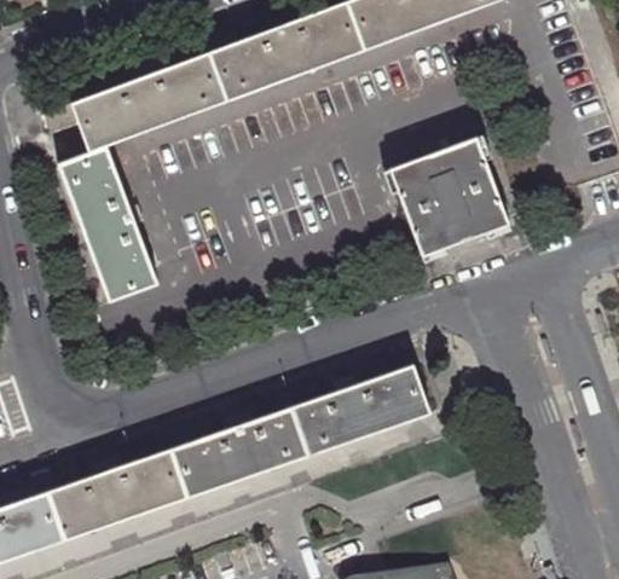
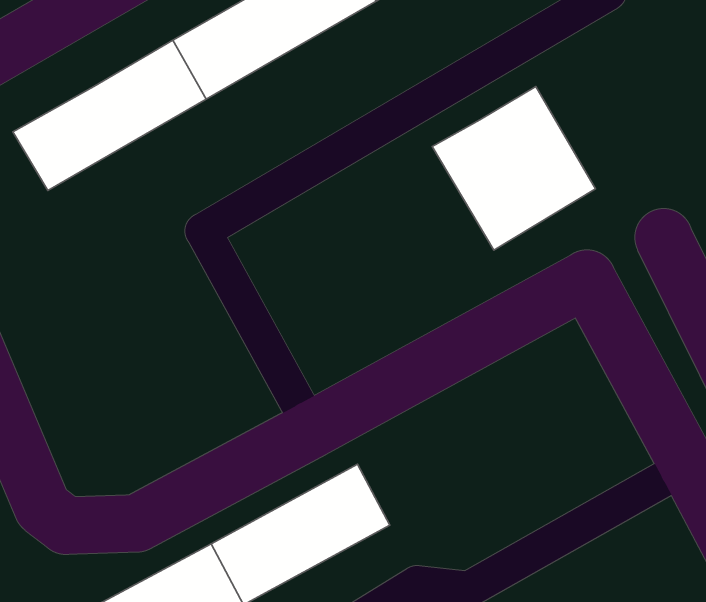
building: [59,147,157,301] -> none
building: [291,361,430,453] -> none

